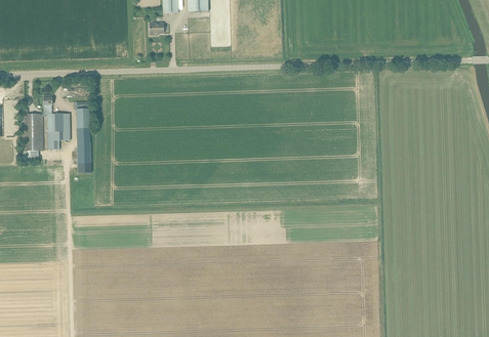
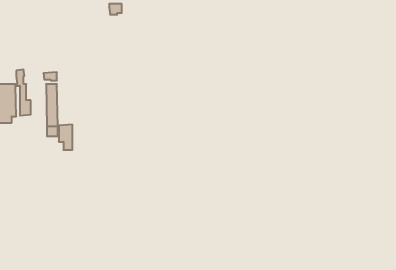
building: [54,112,70,140] -> [59,125,72,150]

